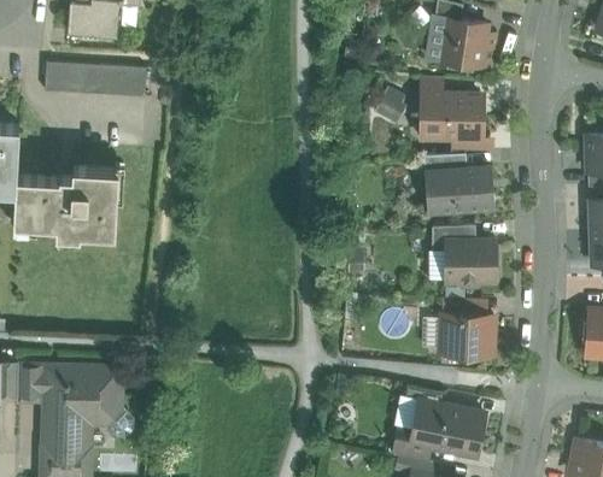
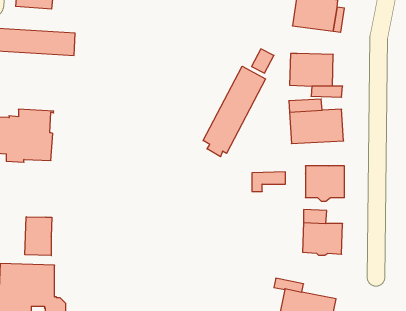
building: none -> [203,66,266,157]
building: [432,225,475,251] -> [252,172,285,191]
building: none -> [25,217,52,256]

